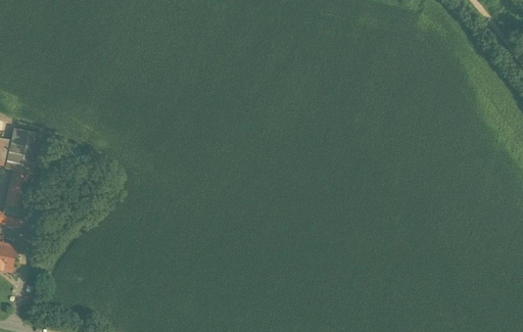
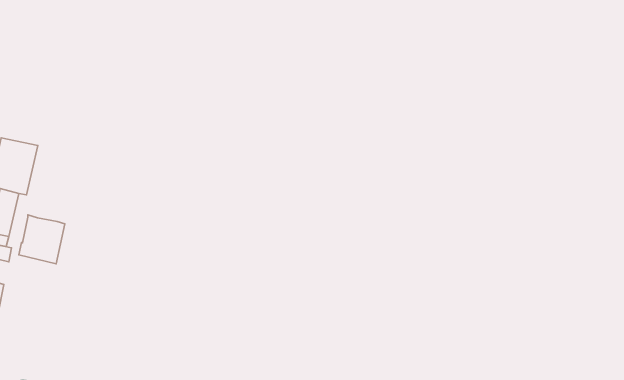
building: none -> [19,215,65,264]

